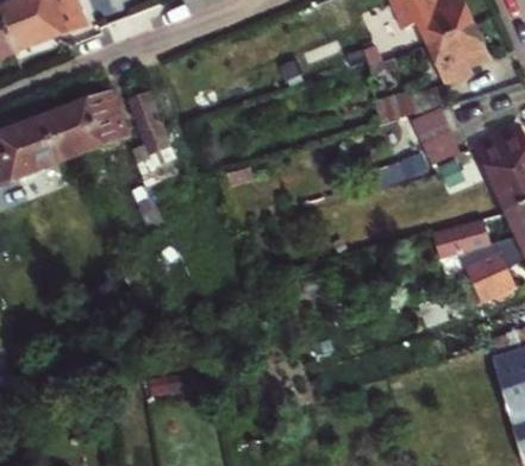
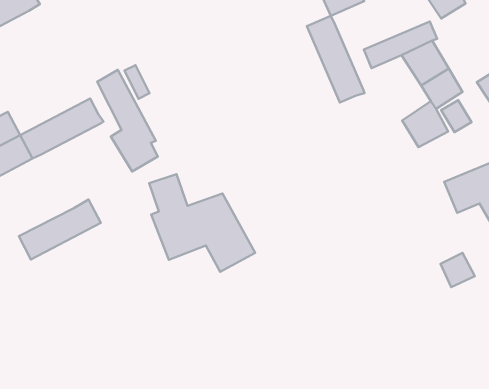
building: none -> [307,16,365,102]
building: [43,92,119,139] -> [19,200,101,260]
building: none -> [149,174,255,272]

